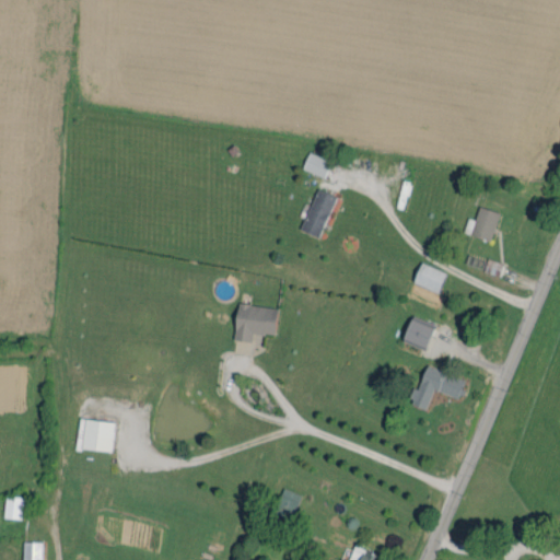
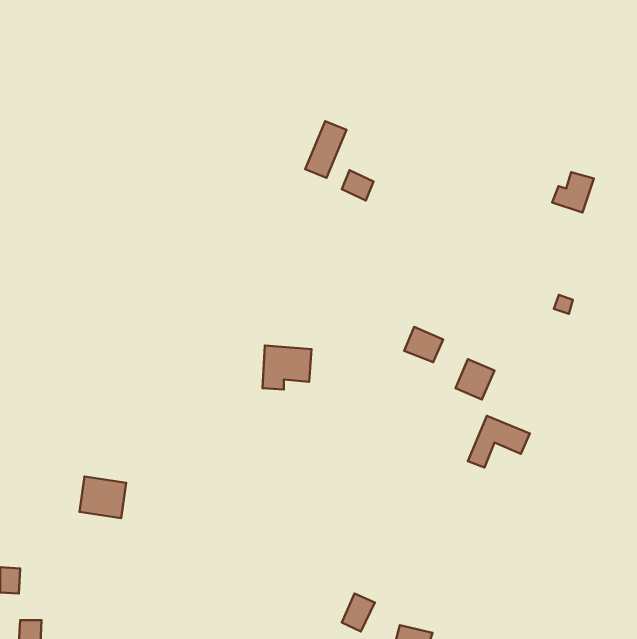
building: [301,189,337,238] -> [305,121,347,178]
building: [464,207,500,242] -> [552,172,594,213]
building: [412,262,446,293] -> [404,327,443,362]
building: [273,488,302,521] -> [342,594,375,631]

